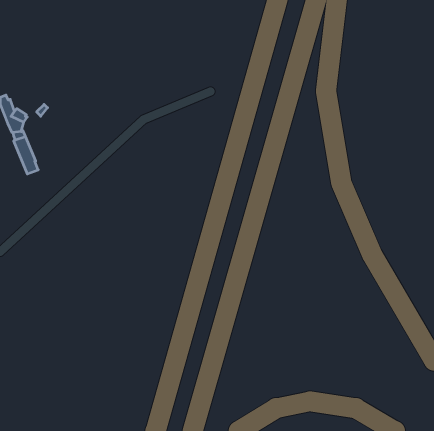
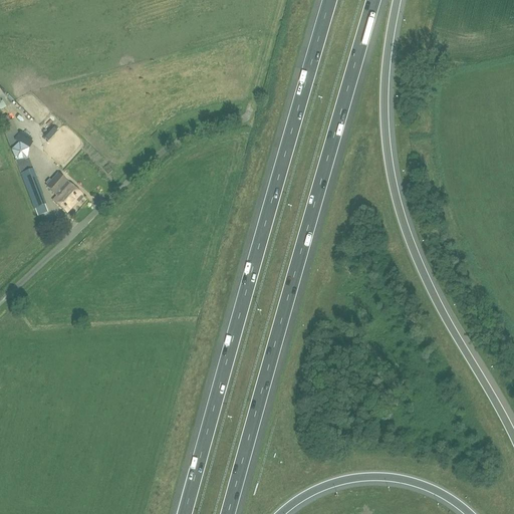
building: none -> [44,171,83,209]

